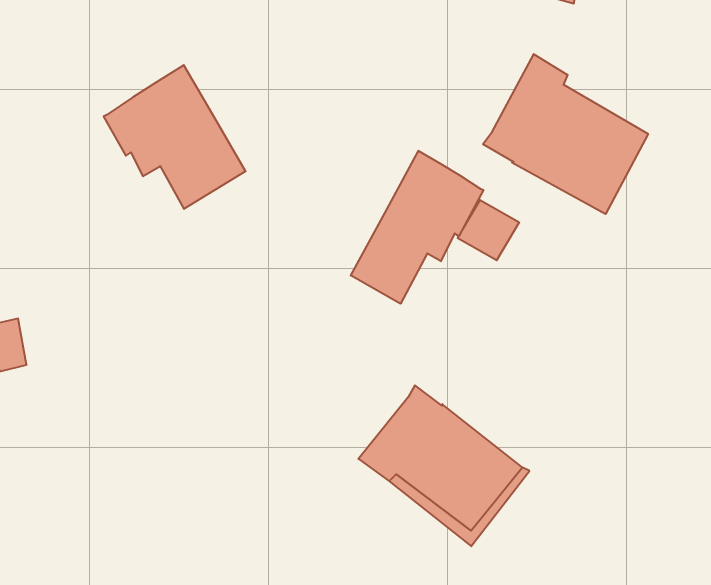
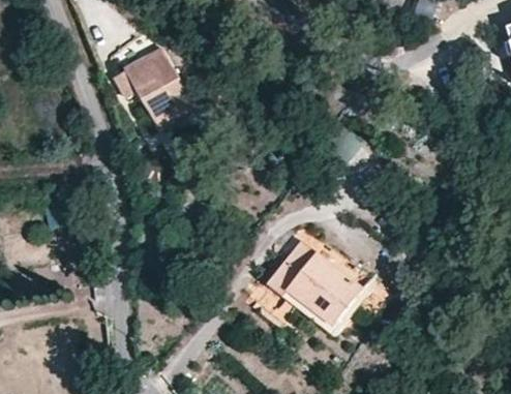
building: [483,54,648,214] -> none
building: [351,151,483,304] -> none

